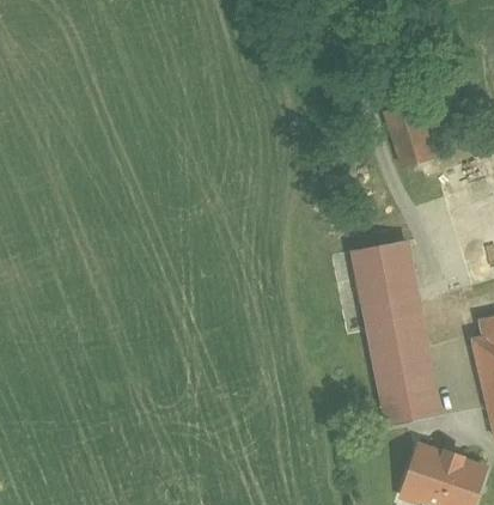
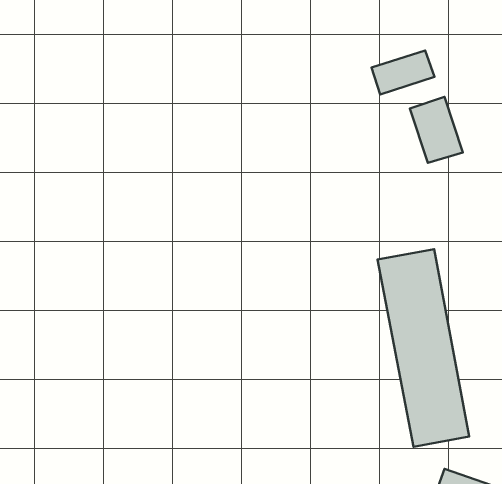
building: none -> [372,51,435,95]

